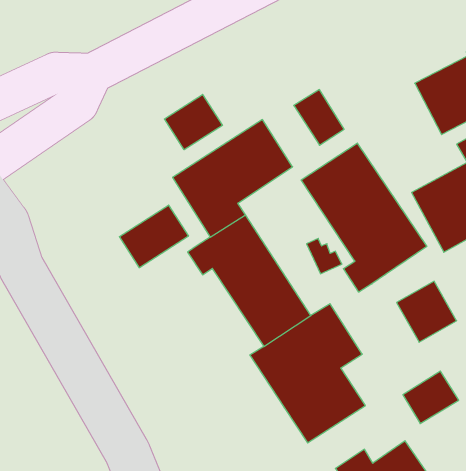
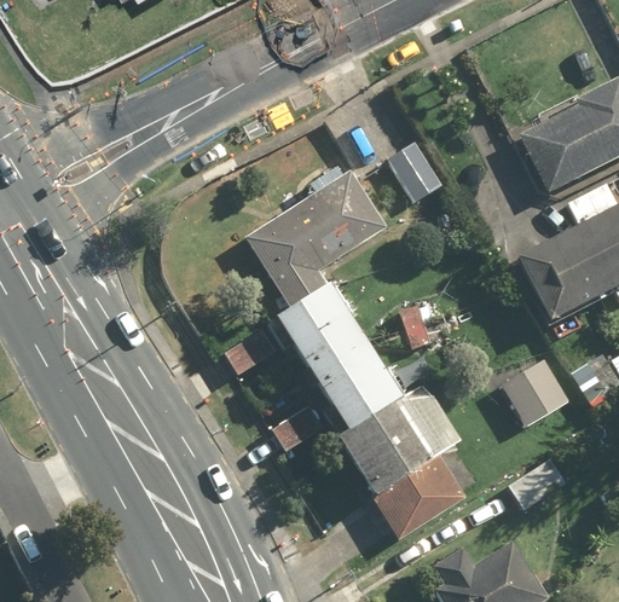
building: [164,94,222,150] -> none
building: [301,143,427,292] -> none
building: [119,205,188,268] -> none

